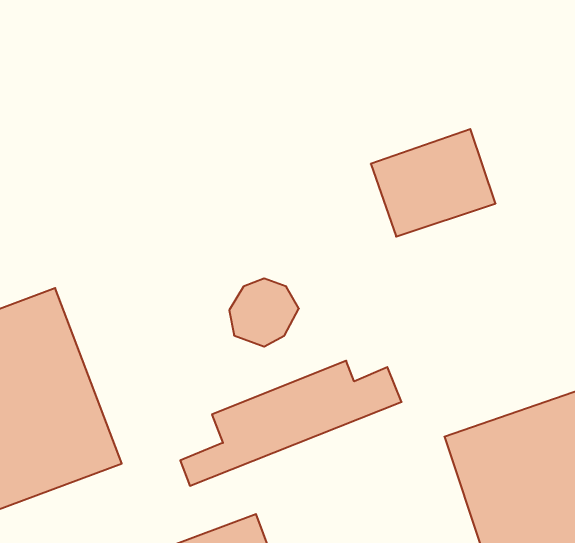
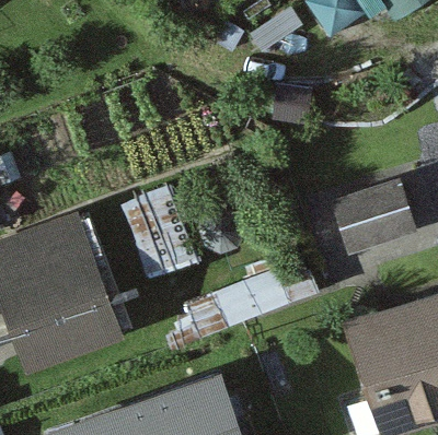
building: [371,129,496,237] -> [334,181,420,256]
building: none -> [120,187,193,274]

